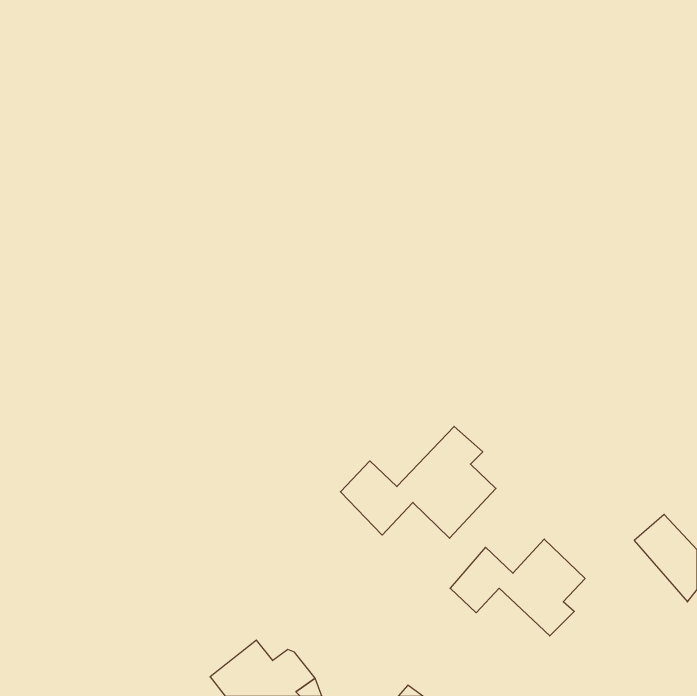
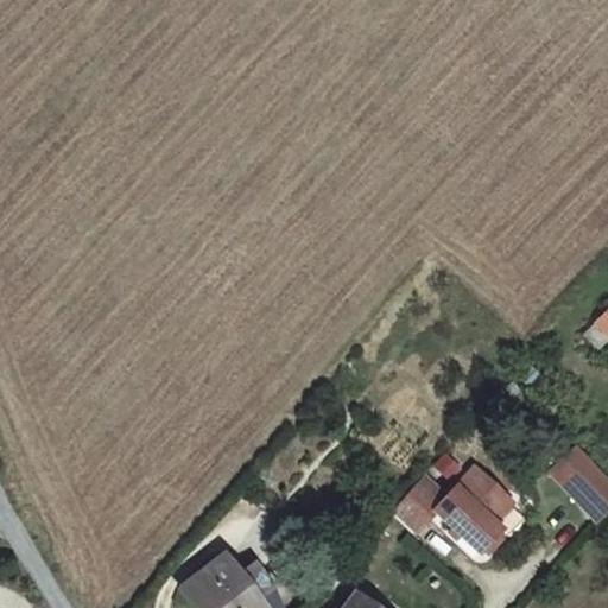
building: [340,426,496,538] -> none

